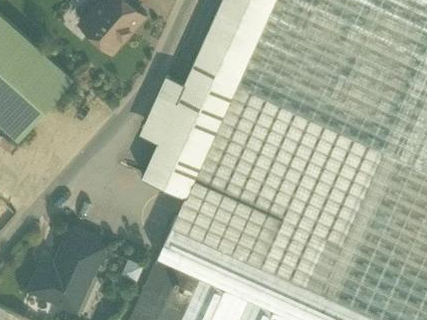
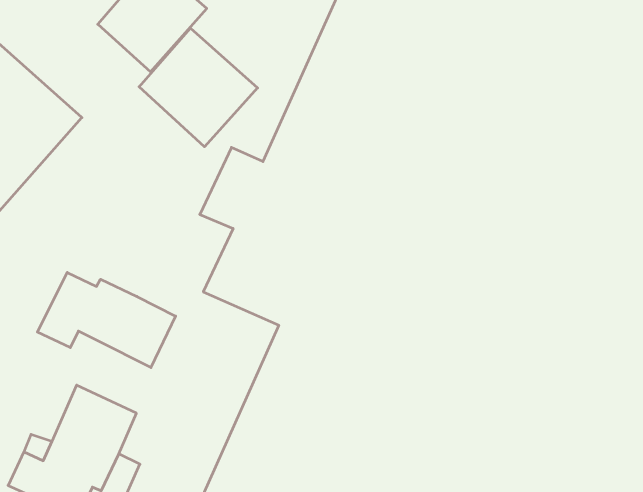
building: none -> [139,28,258,147]
building: none -> [37,272,176,368]

